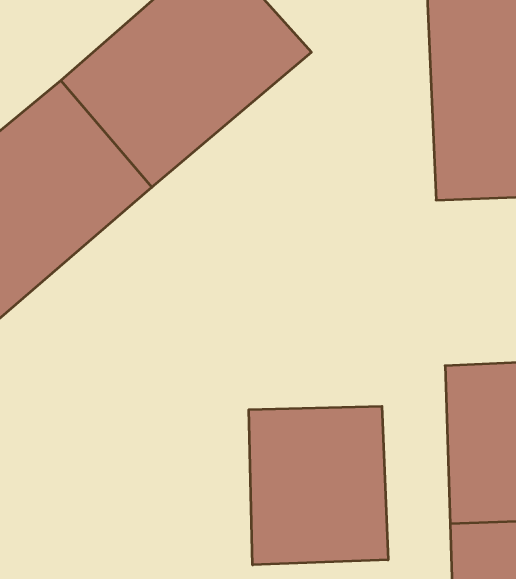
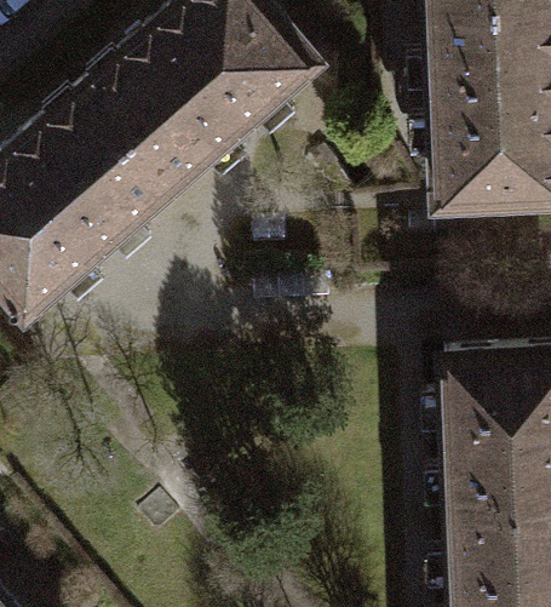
building: [249,406,388,565] -> none

